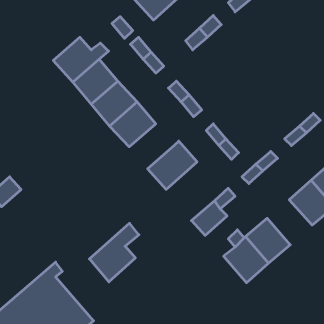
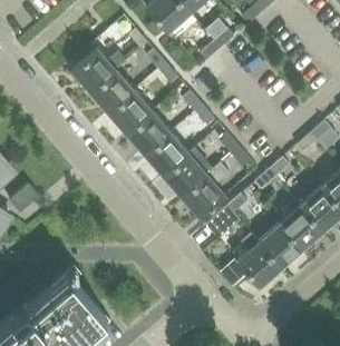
building: none -> [145,132,188,176]
building: none -> [279,206,322,251]
building: [89,223,139,282] -> [181,161,229,218]

